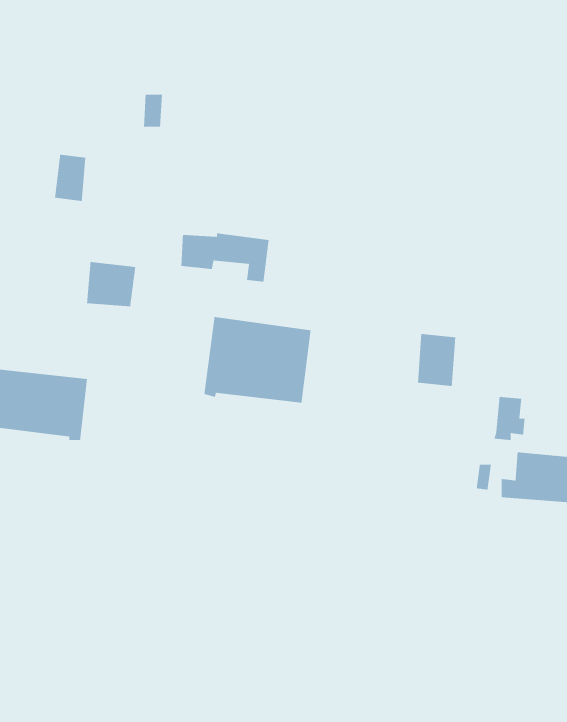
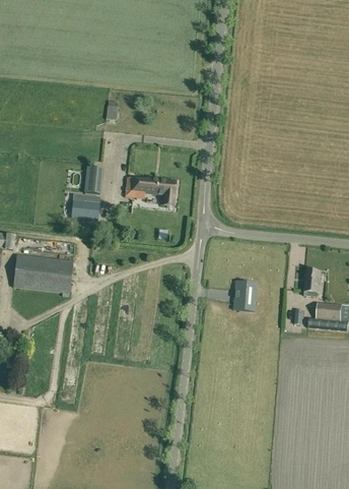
building: [54,154,86,202] -> [83,165,101,192]
building: [204,316,312,404] -> none
building: [417,333,456,387] -> [232,280,255,310]

